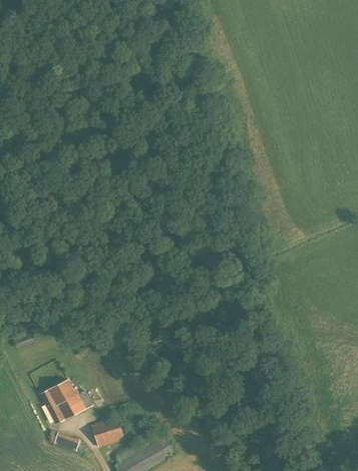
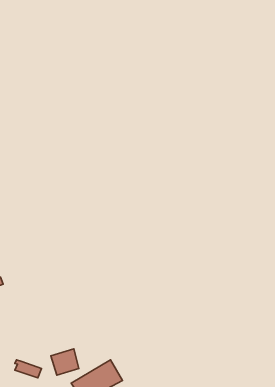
building: [39,380,92,424] -> none

